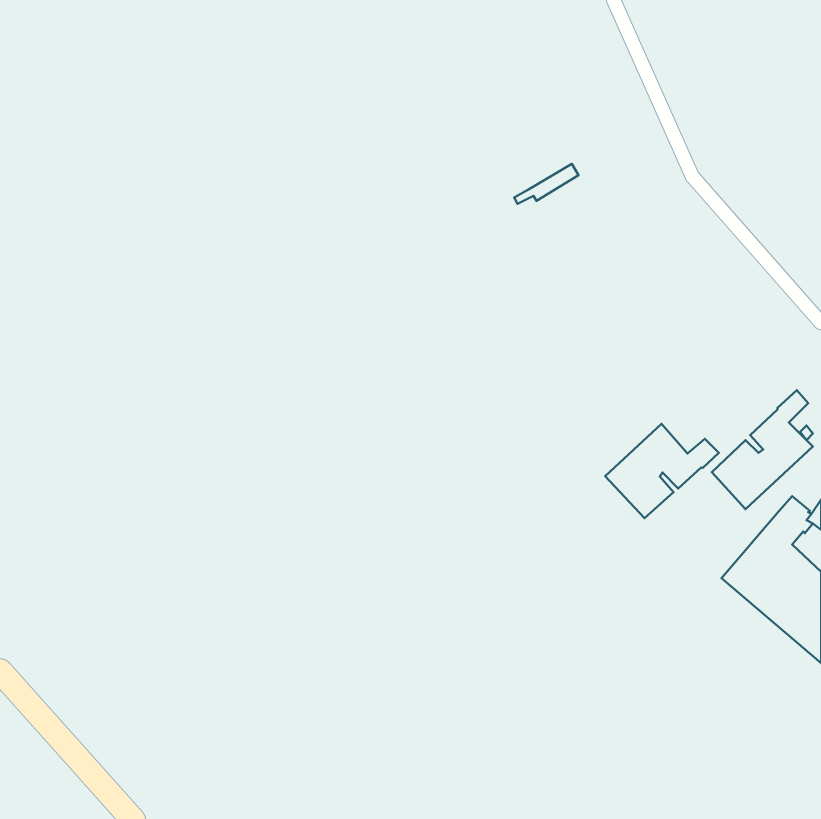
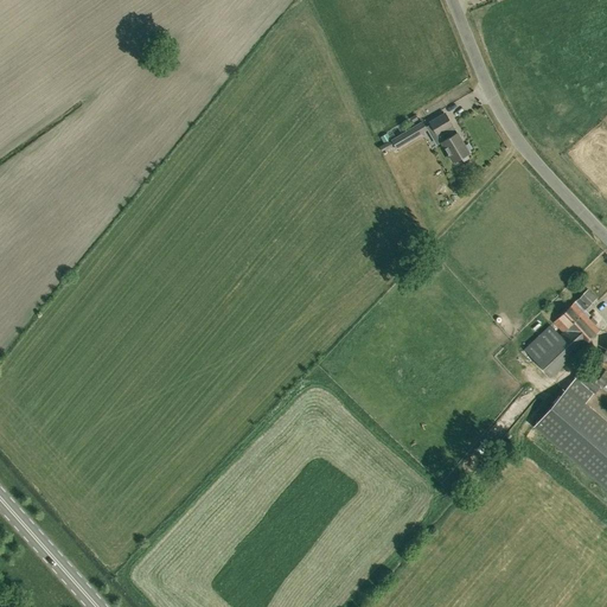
building: none -> [428,114,468,162]
building: [605,424,719,518] -> none

